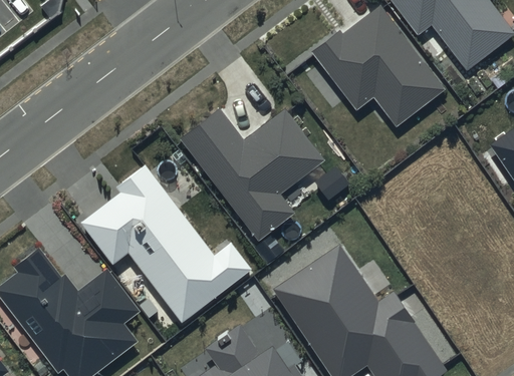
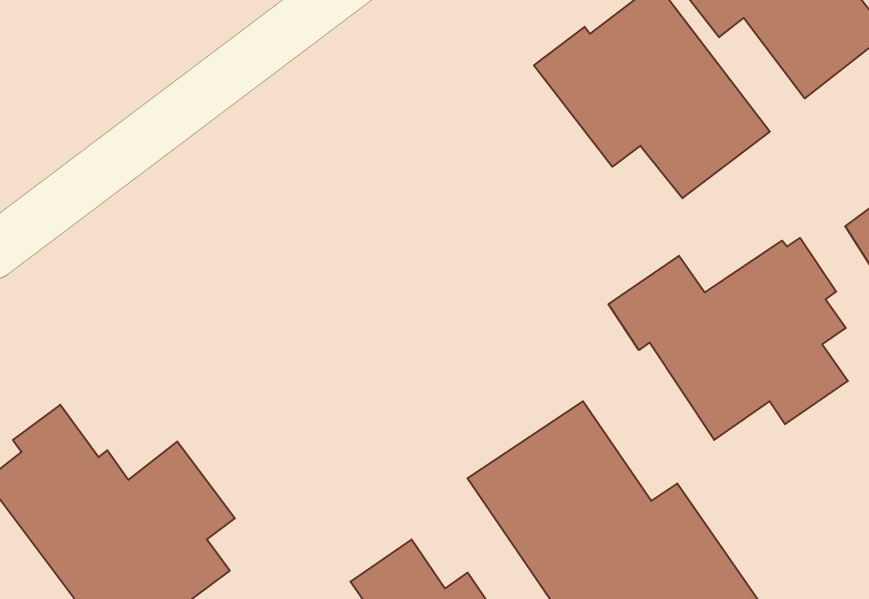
building: [178,108,324,242] -> none
building: none -> [608,238,848,440]
building: [80,164,252,323] -> none

